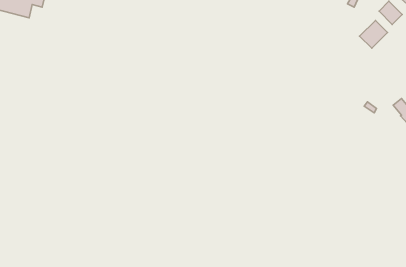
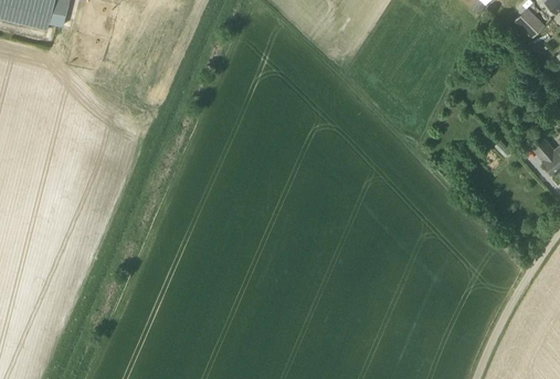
building: [360,20,388,48] -> none

